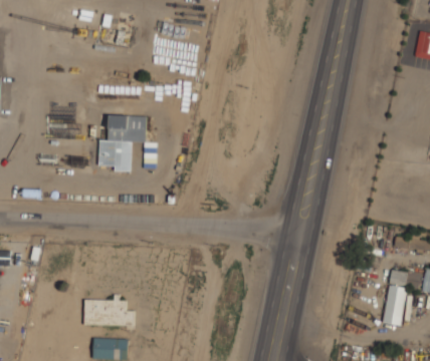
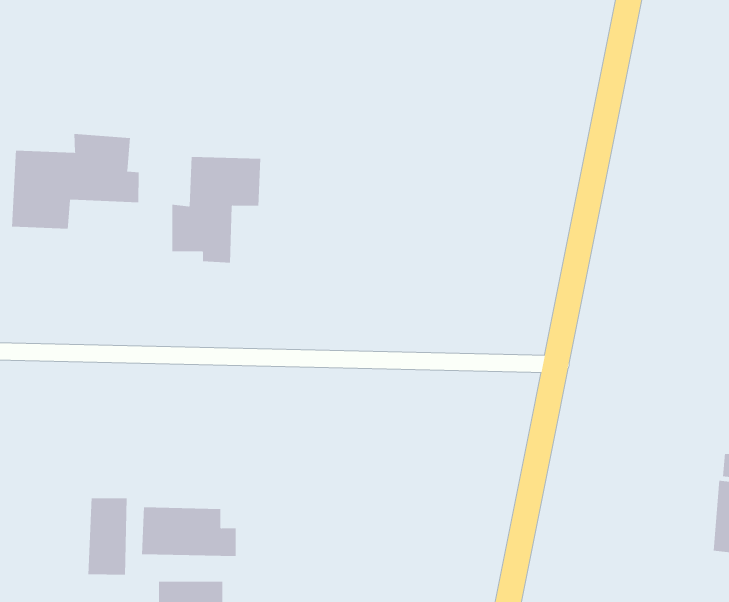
building: none -> [11,133,139,229]
building: none -> [88,498,127,575]

